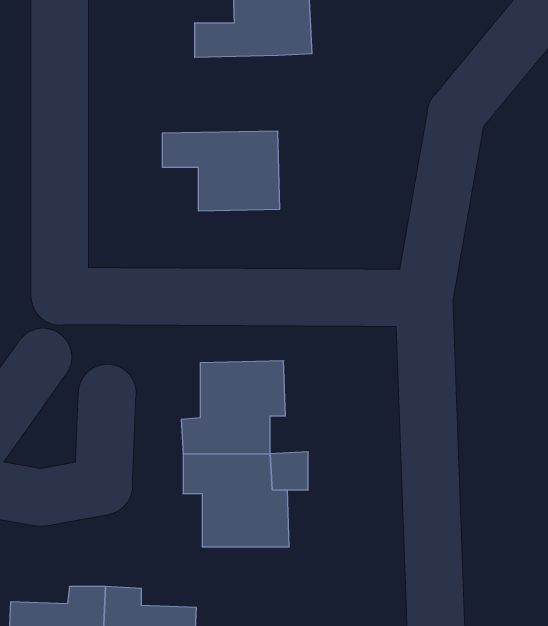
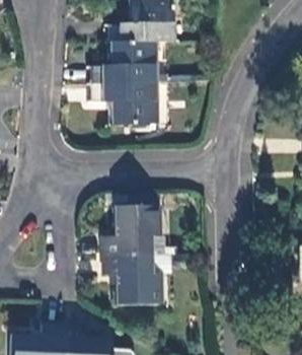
building: none -> [92,42,154,83]

